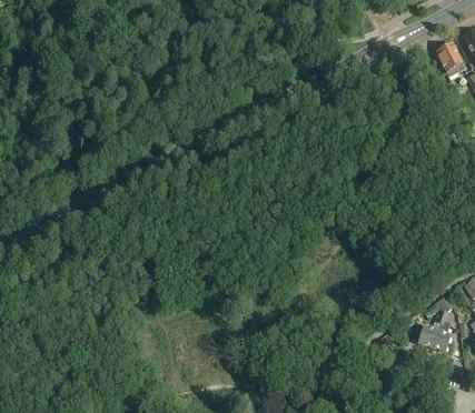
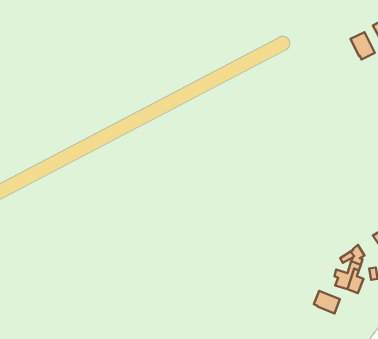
building: none -> [314,291,340,313]

